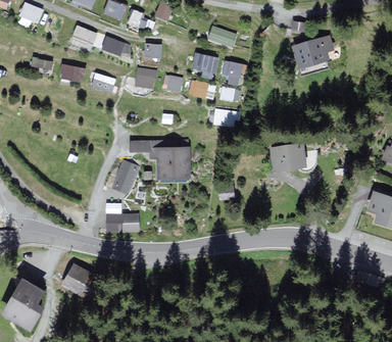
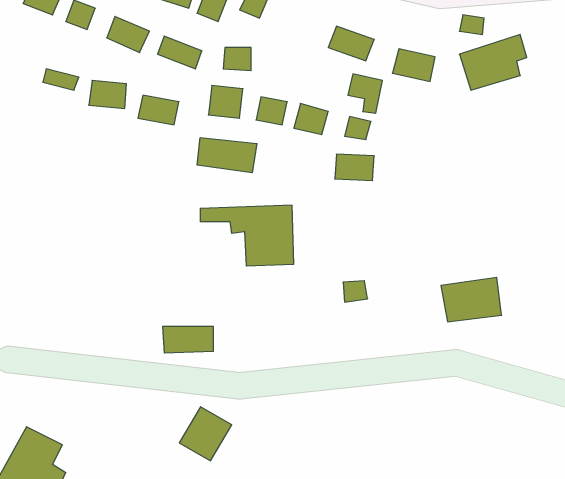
building: [192,51,218,71] -> [392,49,435,81]
building: none -> [197,138,257,173]
building: [268,143,306,170] -> [441,277,502,322]
building: [111,160,139,195] -> none
building: [60,263,93,297] -> [179,407,232,461]

